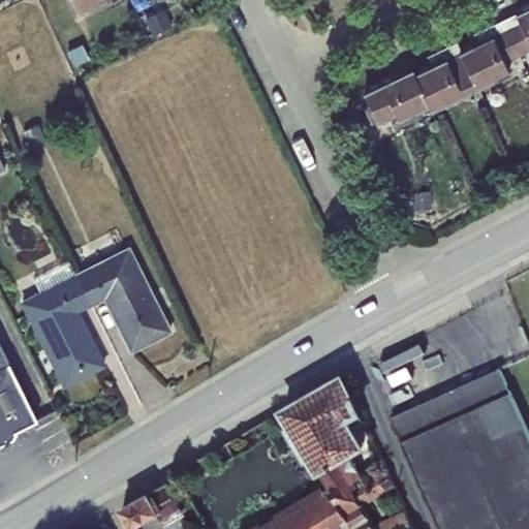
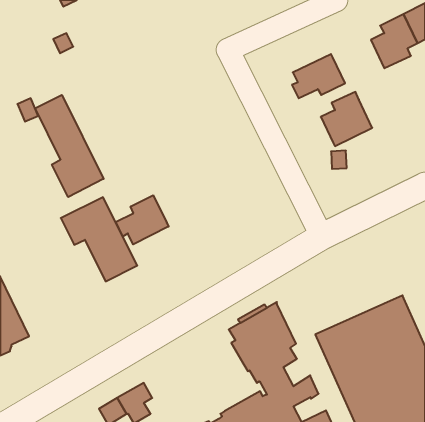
building: [413,44,477,112] -> [321,92,372,146]
building: none -> [35,95,104,197]
building: none -> [116,195,169,244]
building: [20,263,102,387] -> none

